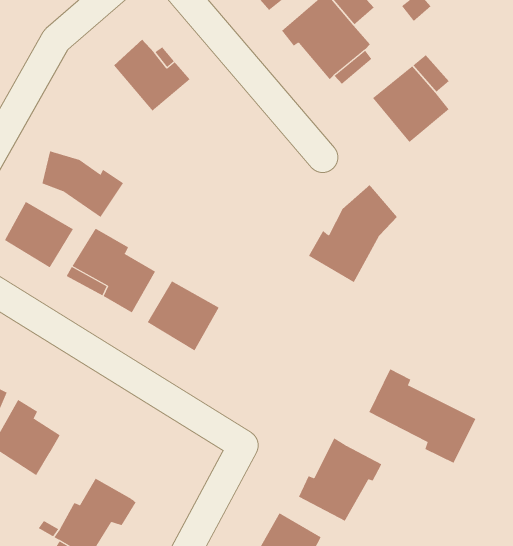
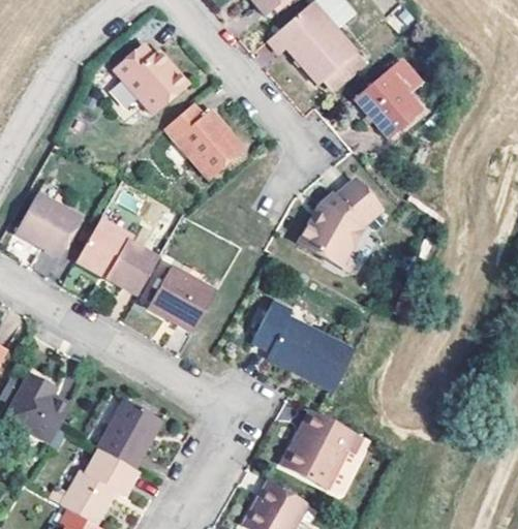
building: none -> [165,100,247,179]
building: [42,151,124,218] -> none
building: [369,368,476,464] -> [252,303,352,391]
building: none -> [94,398,162,469]

